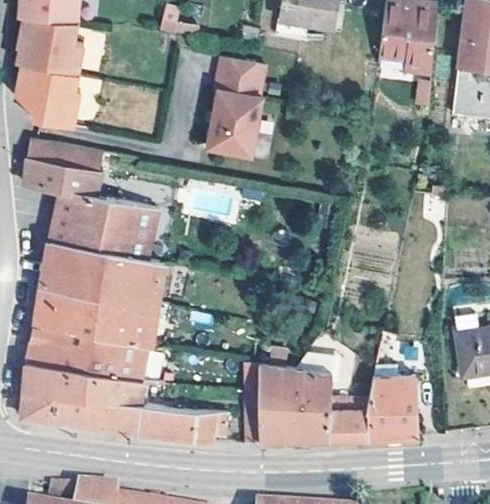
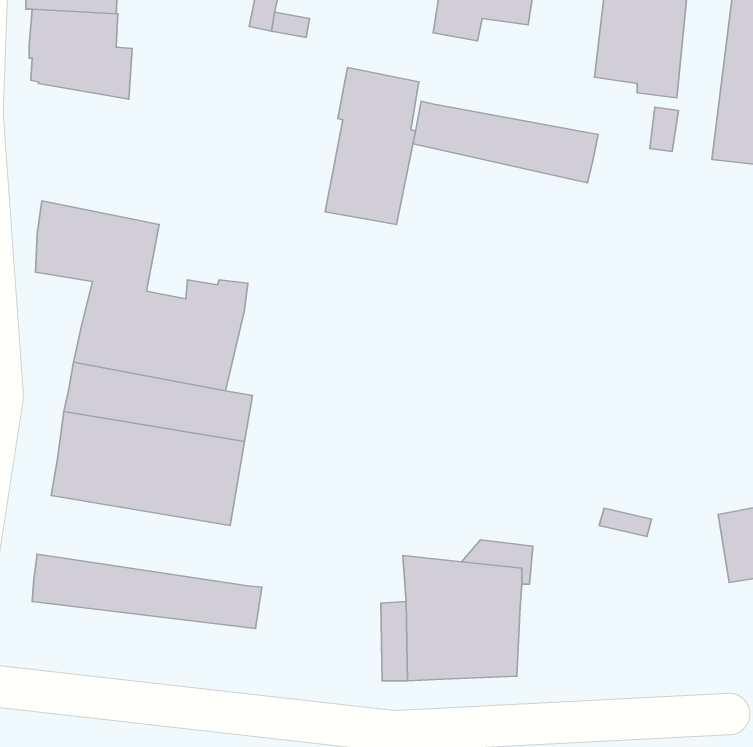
building: [24,66,86,128] -> none
building: none -> [413,101,598,183]
building: [25,326,160,383] -> none
building: [328,377,416,440] -> none
building: [19,393,226,443] -> none

